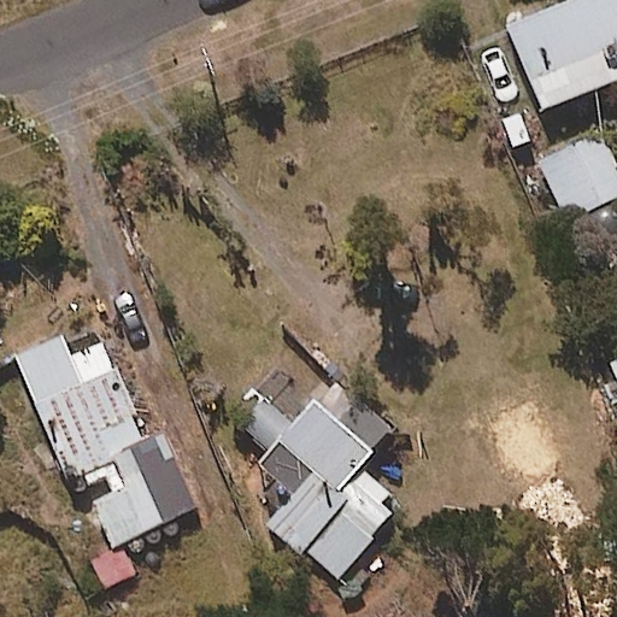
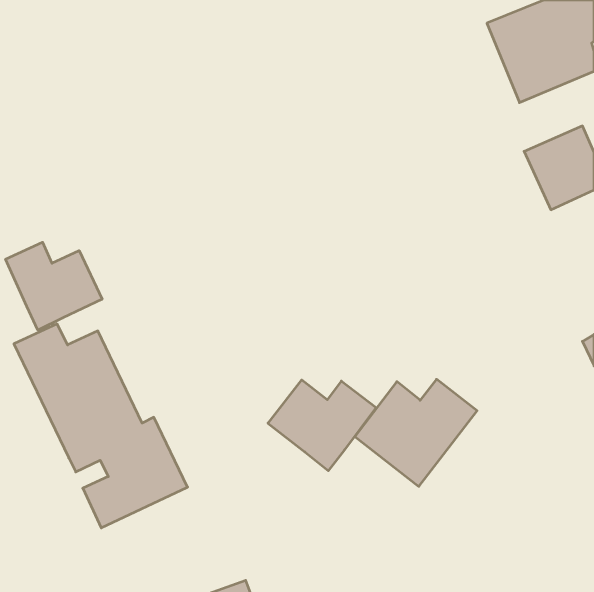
building: none -> [6,242,102,330]
building: [272,469,399,580] -> [355,379,477,486]

